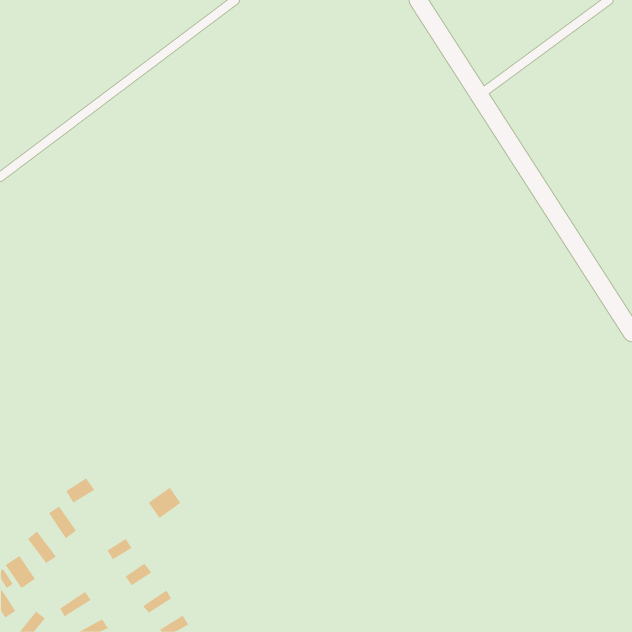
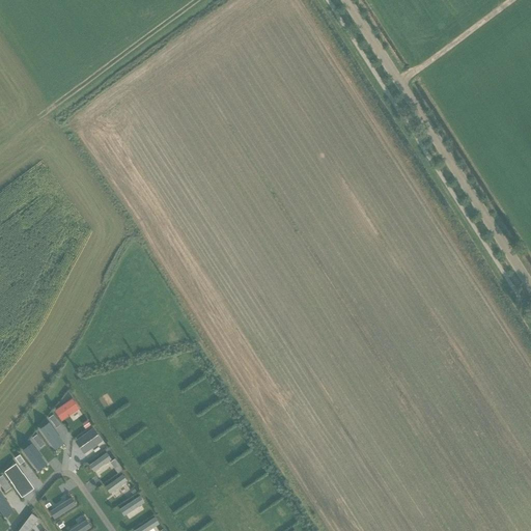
building: [148,487,181,519] -> [75,429,103,456]

